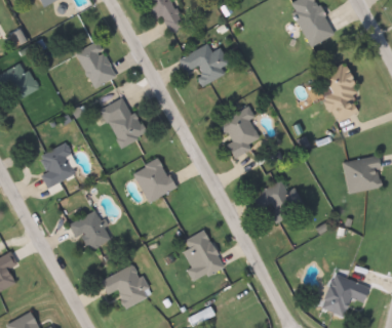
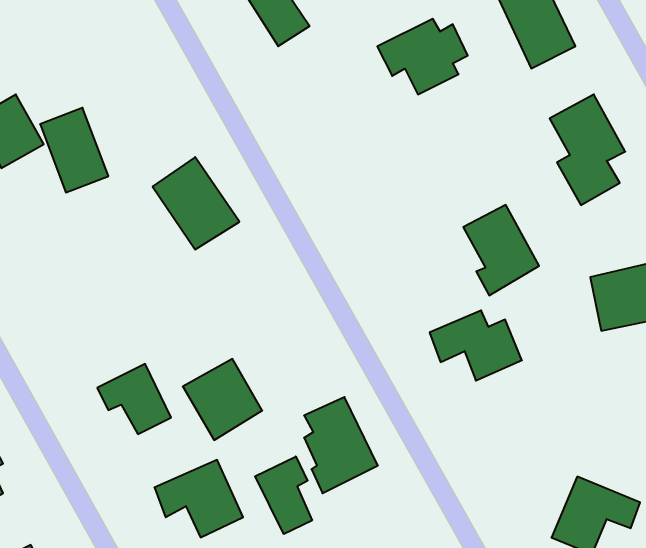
building: [77,40,115,87] -> [40,108,108,193]
building: [180,43,230,85] -> [377,19,468,94]
building: [221,107,263,157] -> [463,205,539,295]
building: [40,142,79,187] -> none
building: [132,157,177,202] -> [183,359,262,440]
building: none -> [255,456,312,534]

